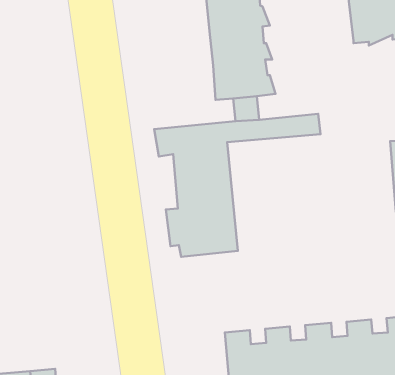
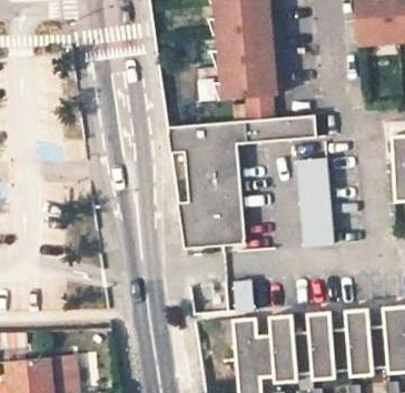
building: none -> [303,154,340,243]

